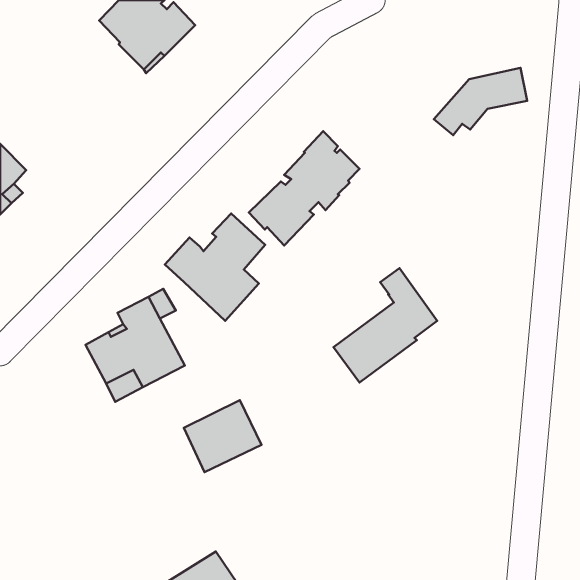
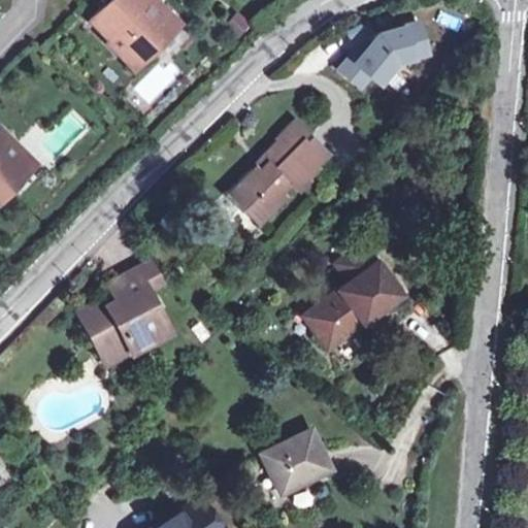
building: [434,68,527,135] -> [341,24,426,85]
building: [165,213,265,321] -> none
building: [184,400,262,472] -> [262,430,332,495]

